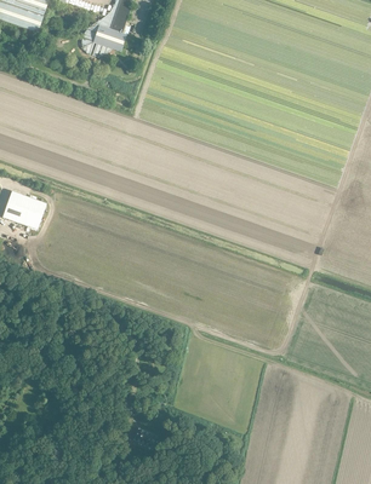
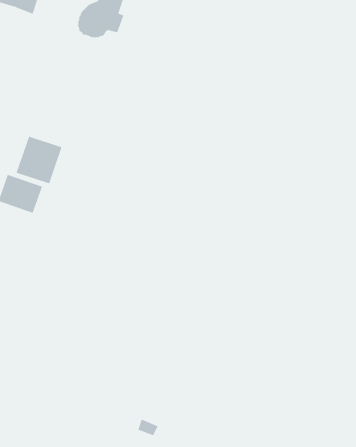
building: none -> [16,136,62,184]

